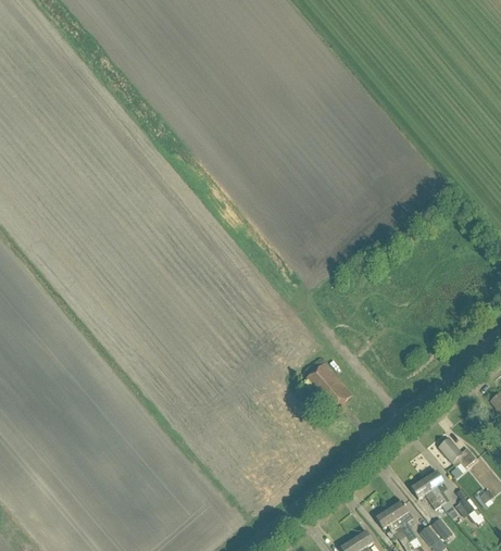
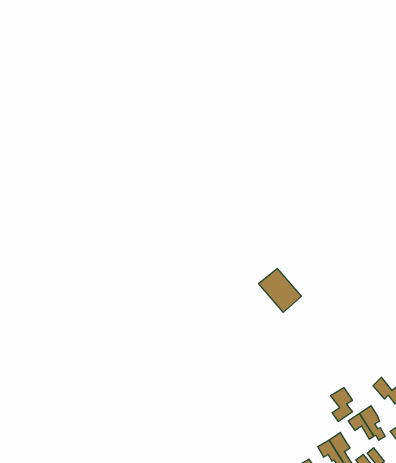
building: [302,362,351,412] -> [259,269,301,312]
building: none -> [331,388,352,421]

